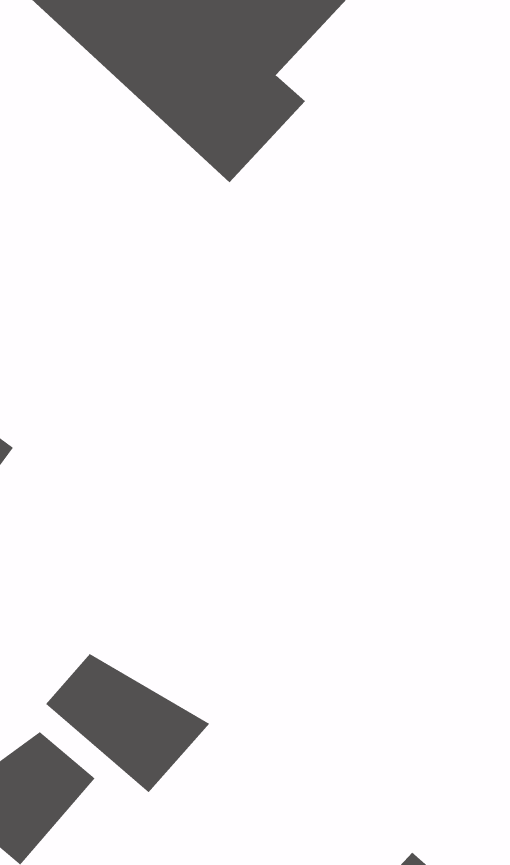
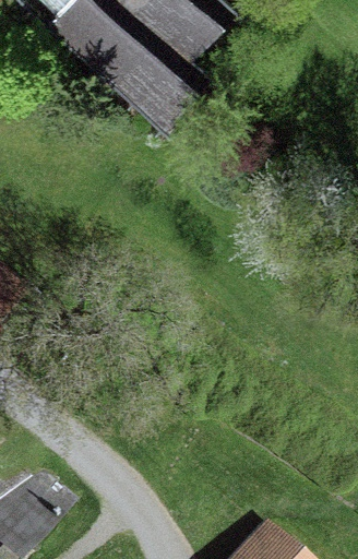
building: [45,653,210,793] -> none

